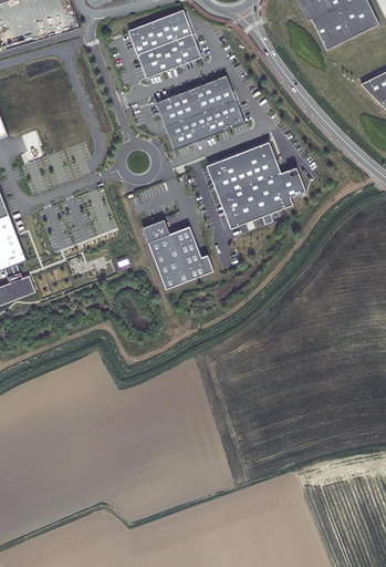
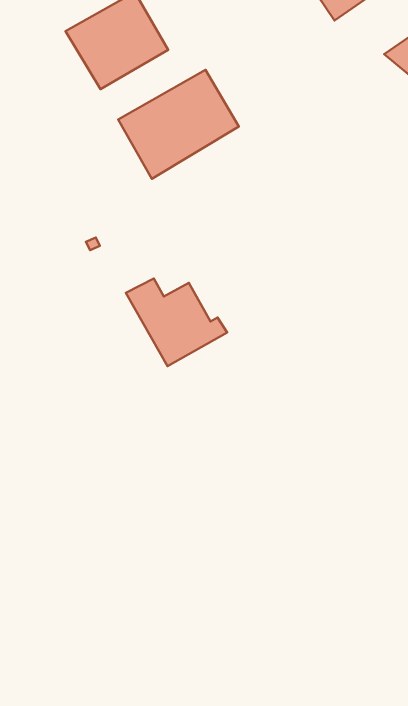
building: [206,141,304,228] -> none

